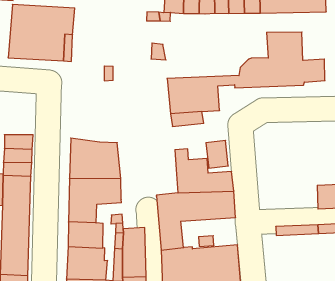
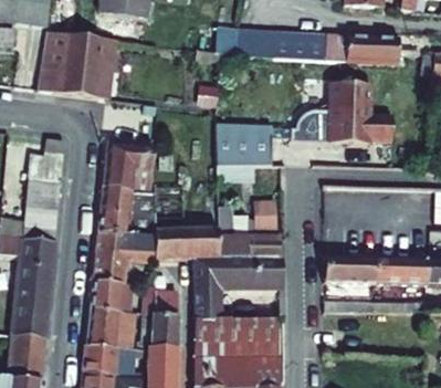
building: none -> [29,136,65,178]
building: none -> [103,140,155,193]
building: none -> [155,228,219,258]
building: none -> [324,254,376,283]

